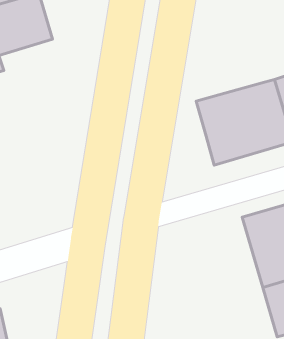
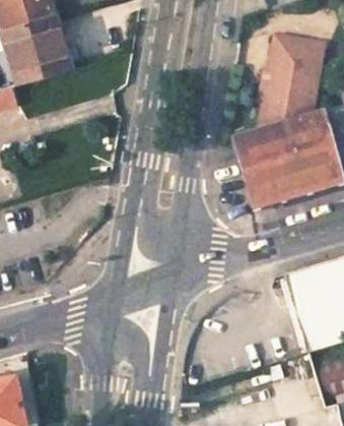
building: none -> [260,39,324,131]

